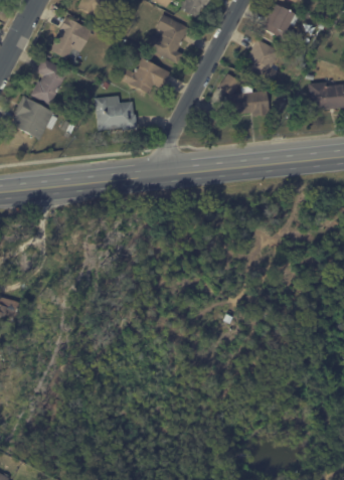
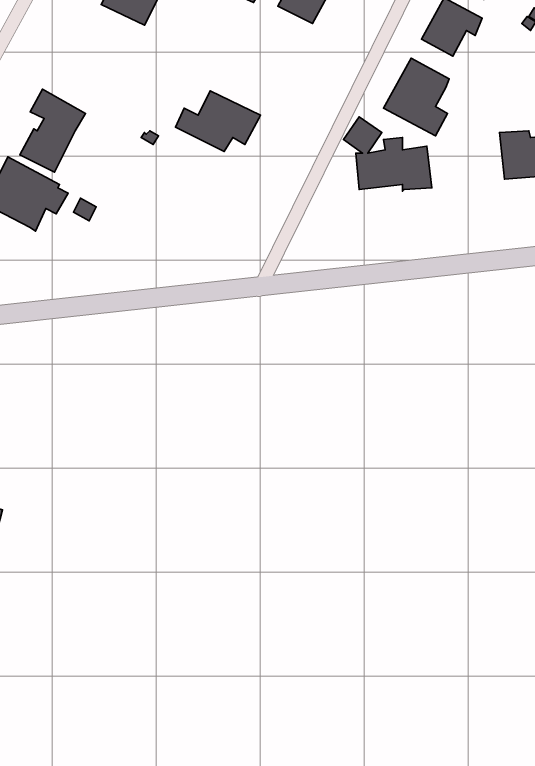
building: [146,14,189,63] -> none
building: [49,16,93,59] -> none
building: [95,96,137,131] -> none

